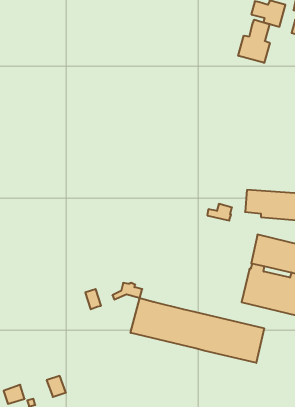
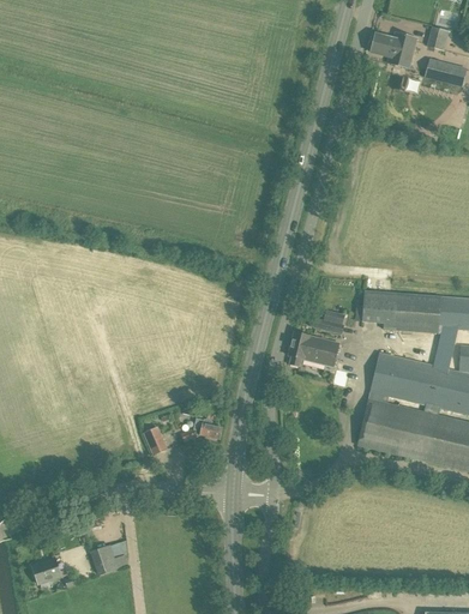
building: [238,20,270,63] -> none
building: none -> [289,332,339,367]
building: [131,298,264,363] -> none

